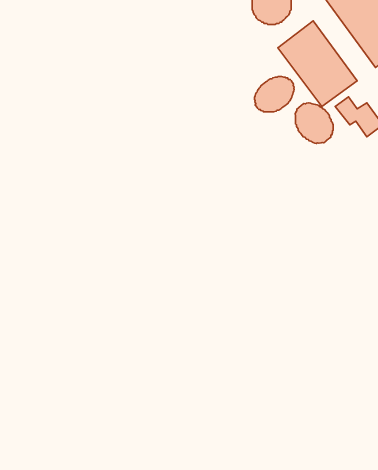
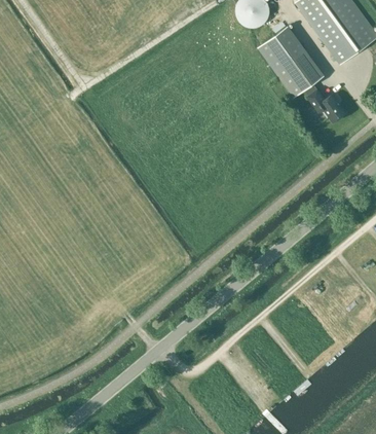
building: [255,76,294,112] -> none
building: [295,103,333,143] -> none

